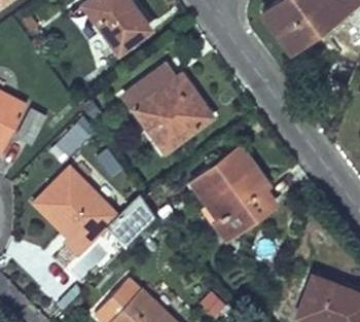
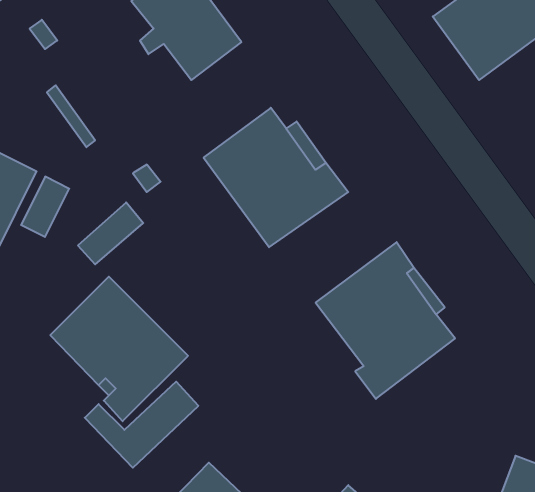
building: [108,199,156,243] -> none

